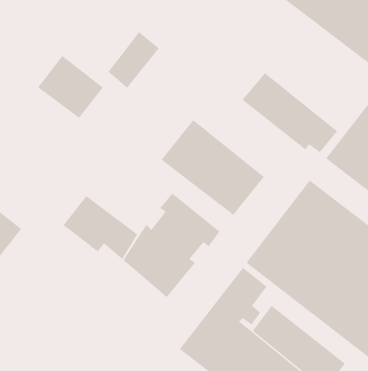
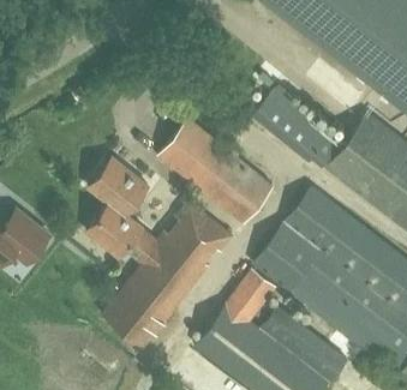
building: [107,31,160,89] -> [158,118,207,170]
building: [37,55,104,119] -> [88,156,149,215]
building: none -> [102,263,182,347]

